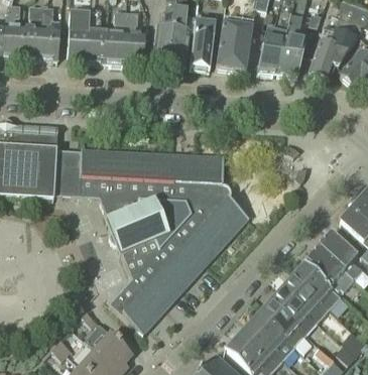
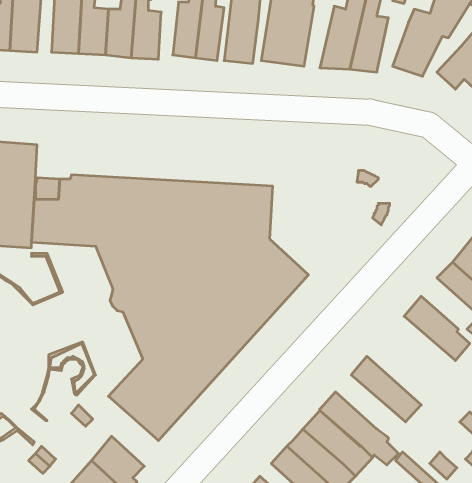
building: [305,247,353,290] -> none
building: [290,263,340,309] -> none
building: [268,288,318,334] -> none

